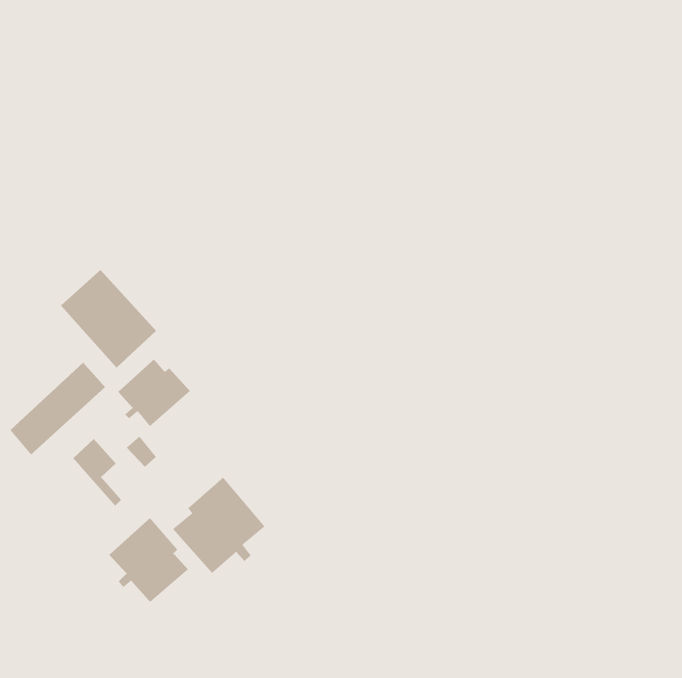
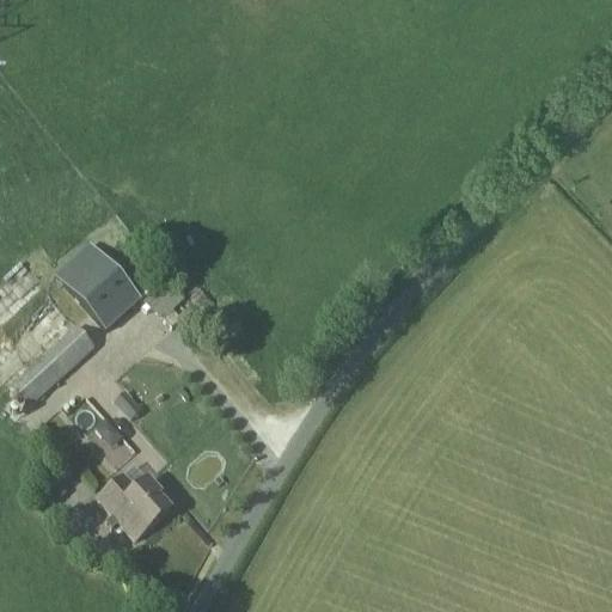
building: [118,358,191,427] -> none
building: [172,476,266,574] -> none

